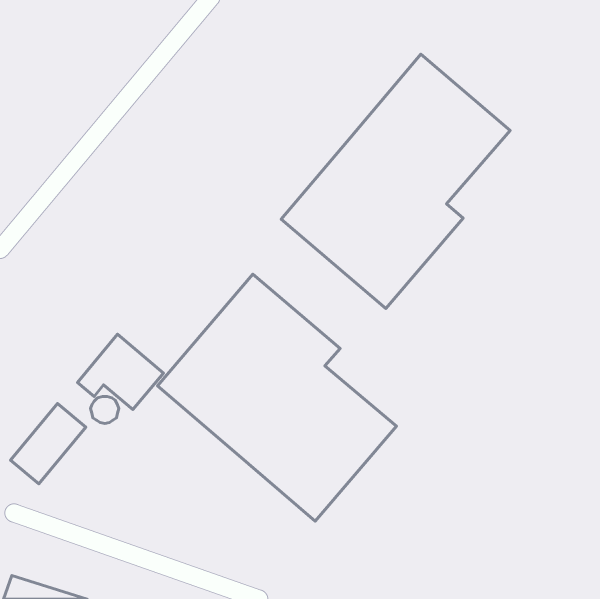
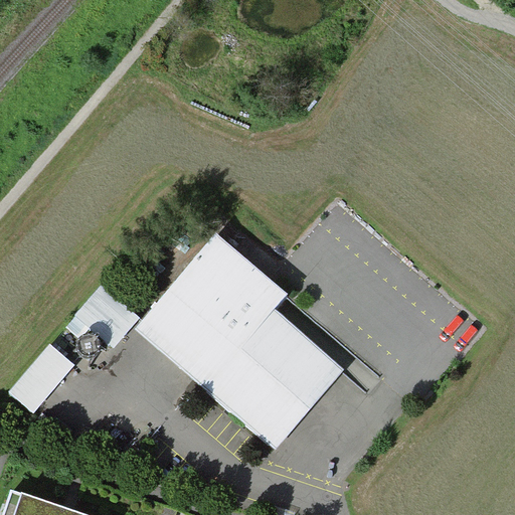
building: [281,54,510,308] -> none

